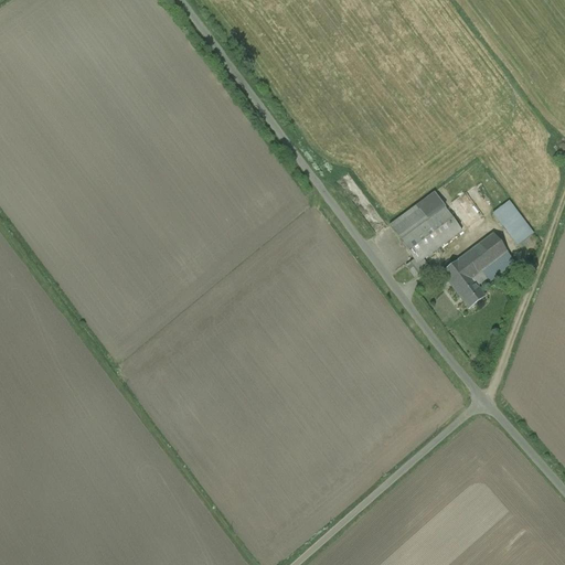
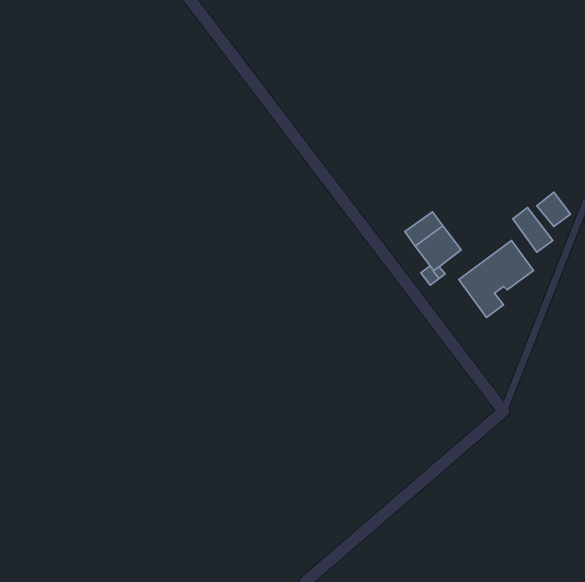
building: none -> [537,192,570,227]
building: [427,204,462,241] -> none

